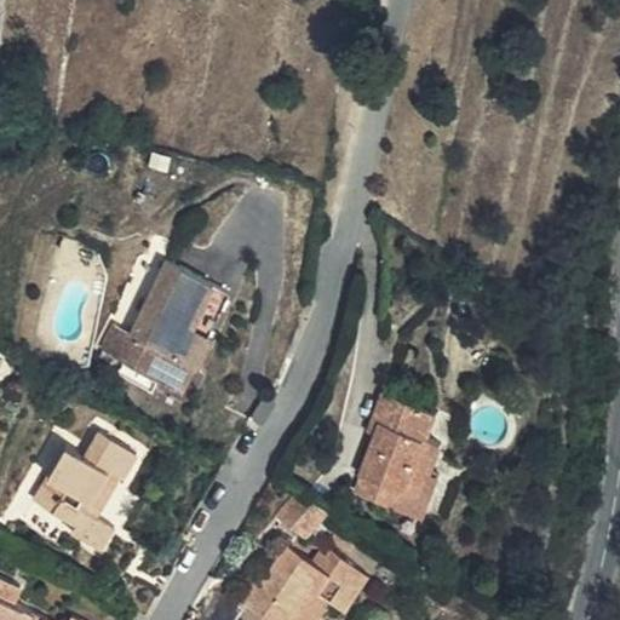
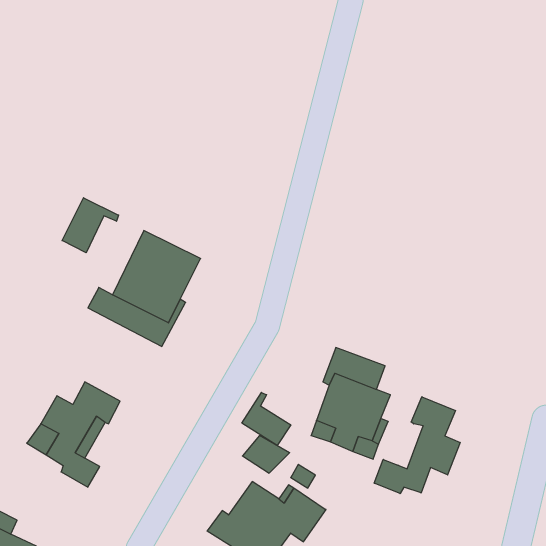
building: none -> [62,198,119,253]
building: none -> [242,392,291,446]
building: none -> [374,397,460,494]

